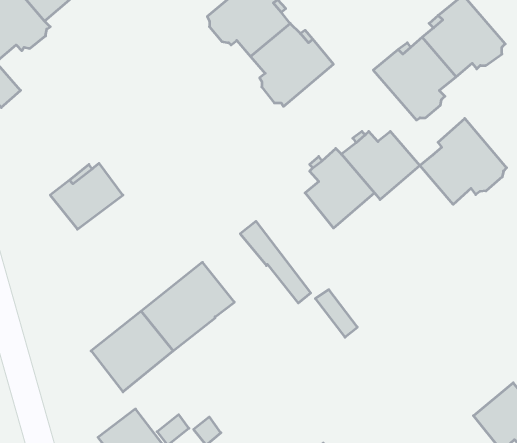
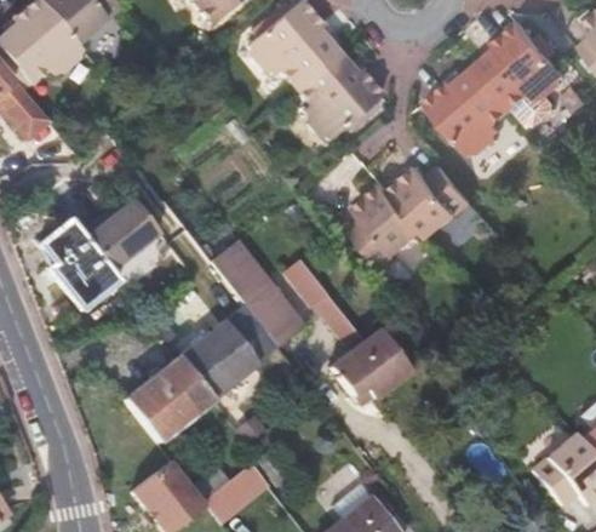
building: [420,118,507,204] -> none
building: none -> [39,218,119,309]
building: none -> [211,241,304,347]
building: none -> [328,343,395,401]

